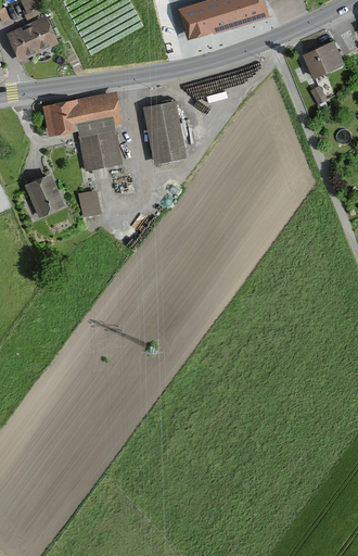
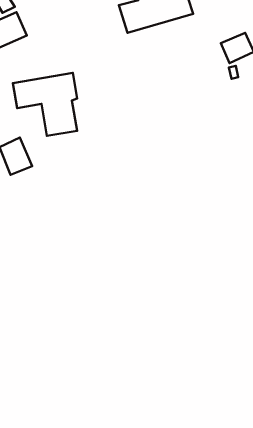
building: [143,102,187,164] -> none
building: [78,190,101,217] -> none

